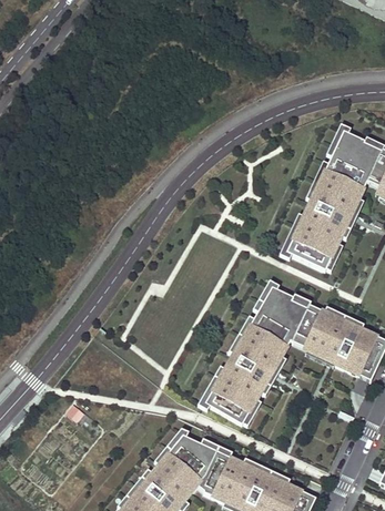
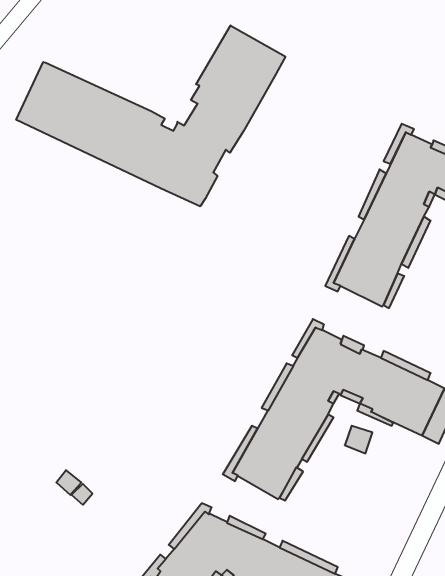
building: none -> [16,25,285,206]

